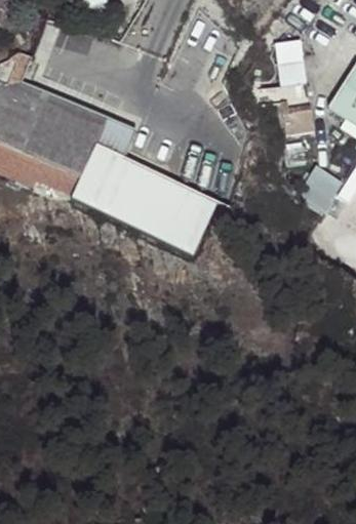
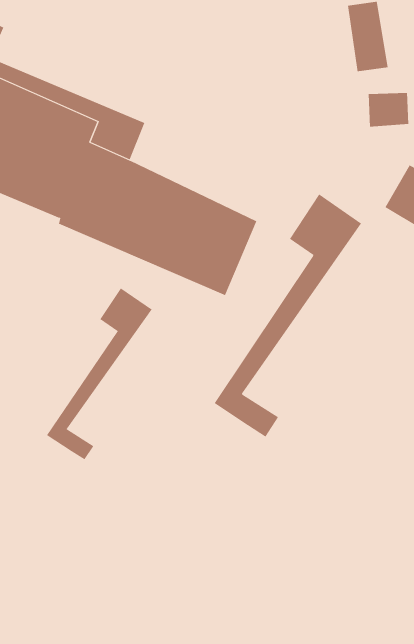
building: none -> [214,194,362,438]
building: none -> [46,288,153,460]

